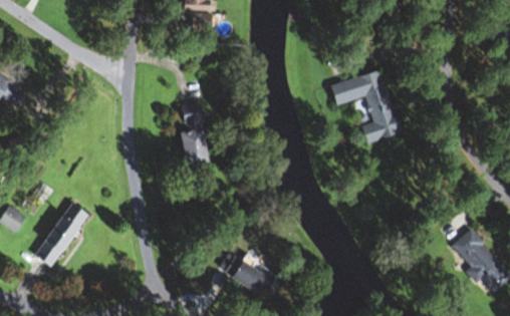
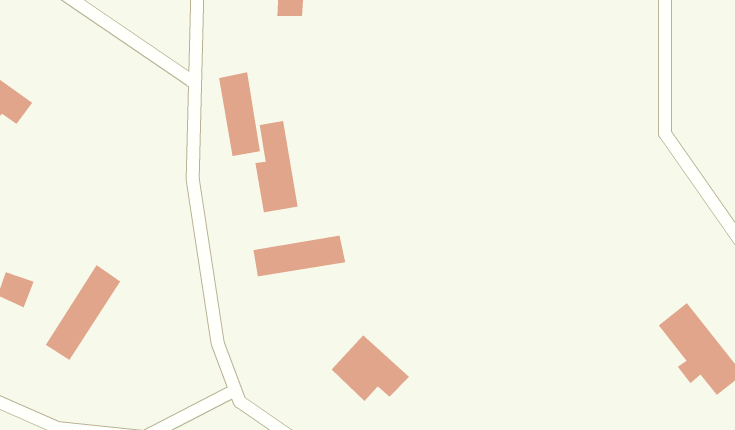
building: none -> [218,71,261,157]
building: [330,70,401,143] -> none
building: none -> [253,235,346,277]

